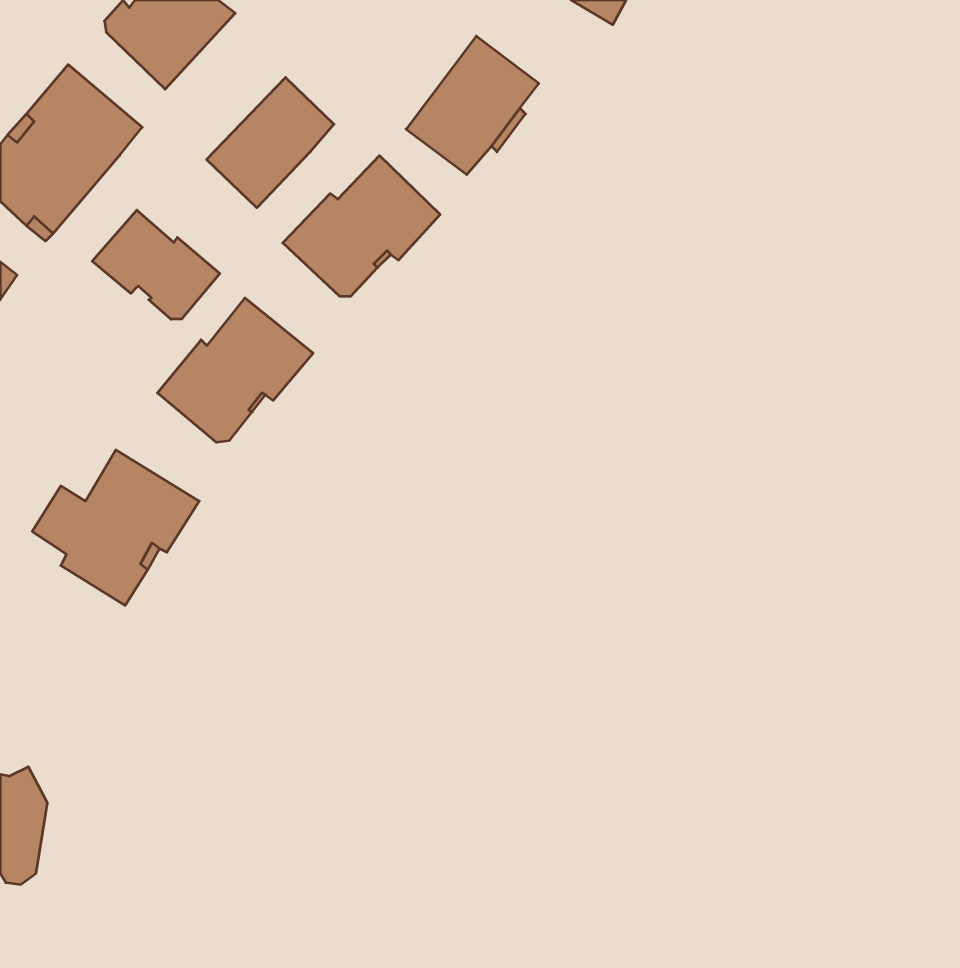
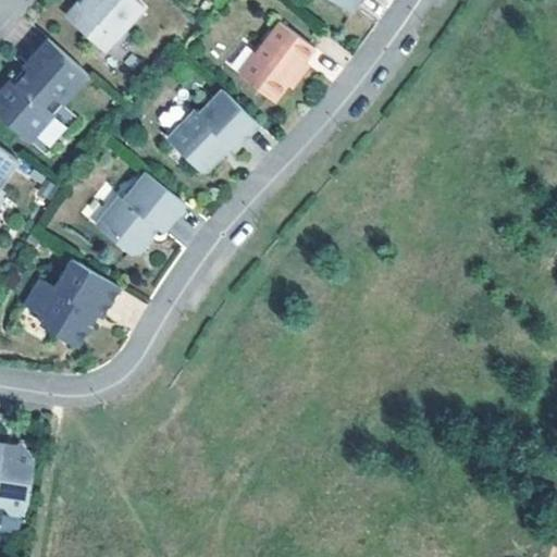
building: [207,77,334,208] -> none
building: [92,210,220,319] -> none

